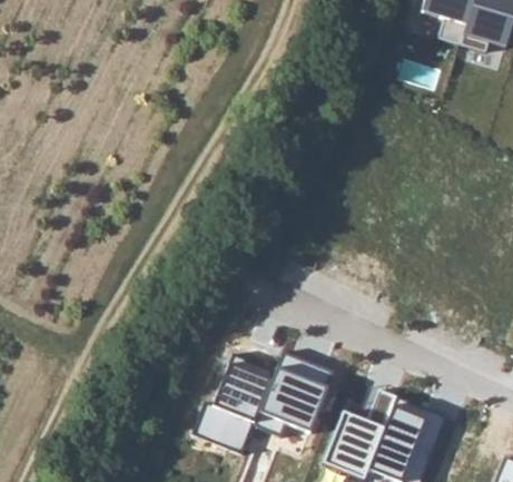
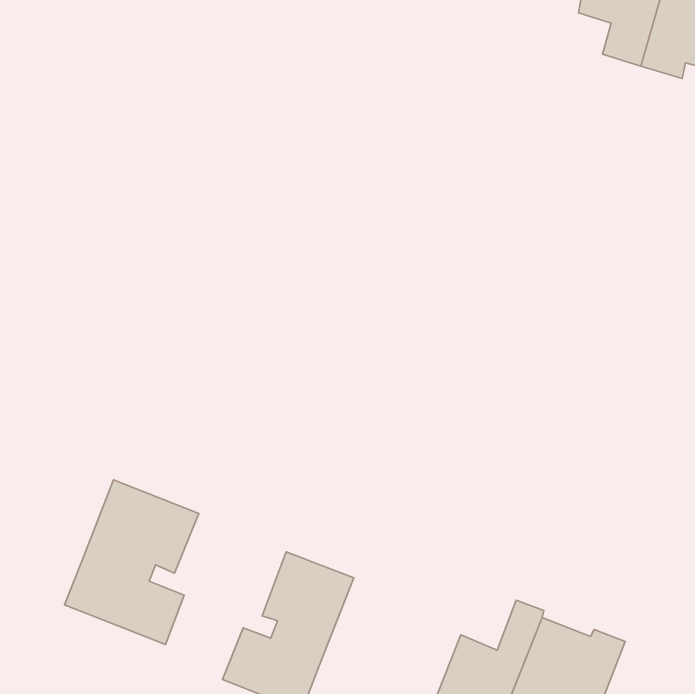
building: none -> [64,480,199,644]
building: [253,354,334,441] -> none

